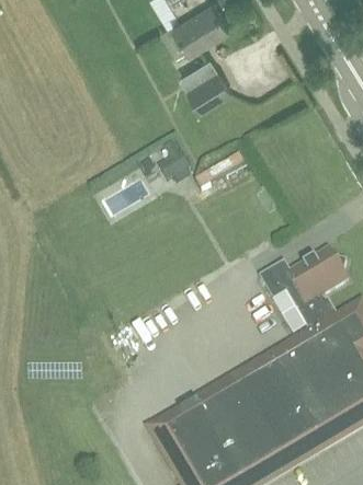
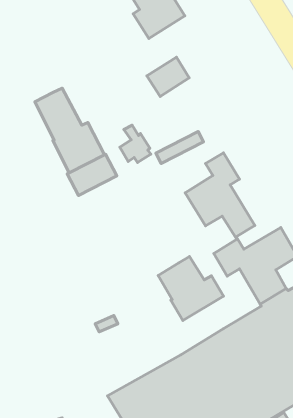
building: none -> [35,88,105,173]
building: none -> [185,153,255,237]
building: none -> [158,257,224,321]

